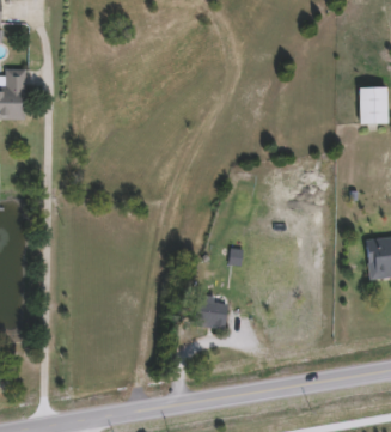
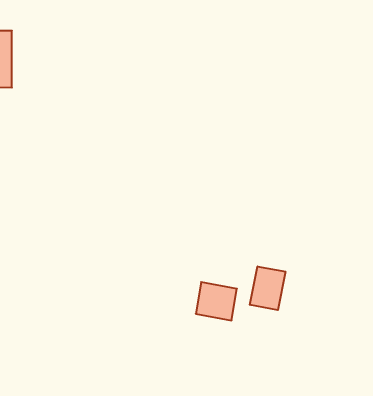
building: none -> [250,266,285,310]

